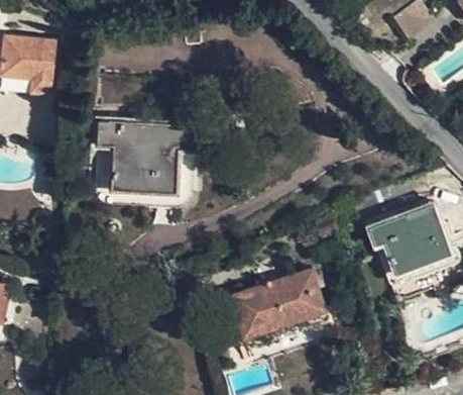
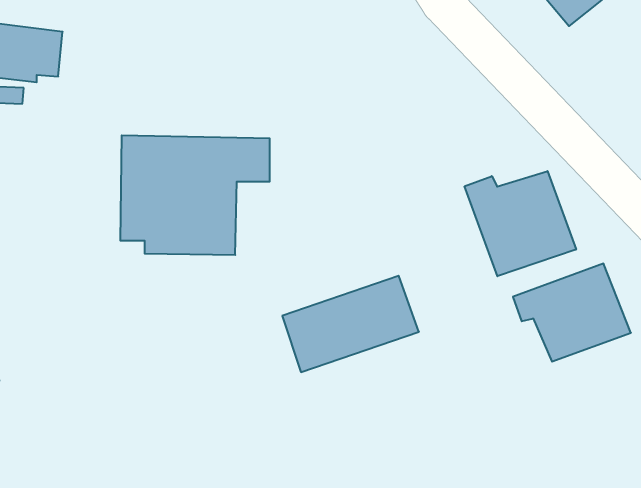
building: none -> [465,171,576,276]
building: [228,272,324,339] -> [282,276,419,372]

